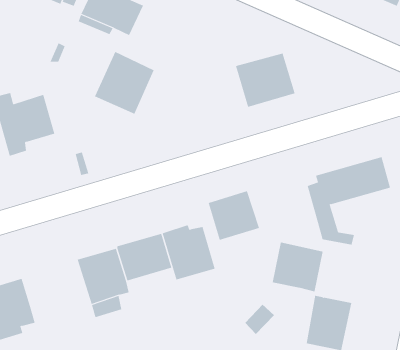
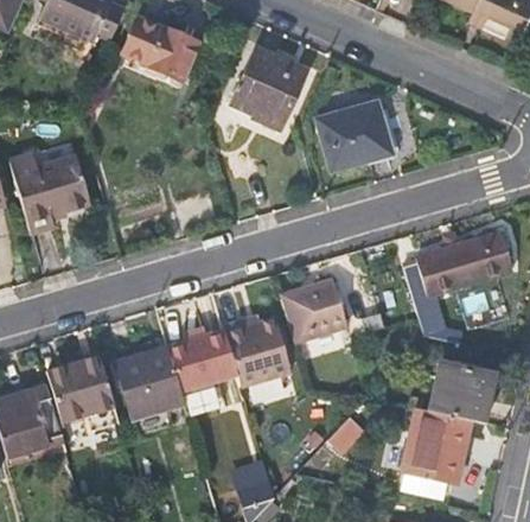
building: [94,51,155,114] -> [231,46,307,126]
building: [272,242,324,292] -> [427,358,492,421]
building: none -> [44,356,114,421]

